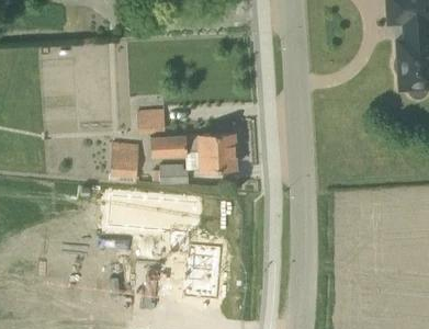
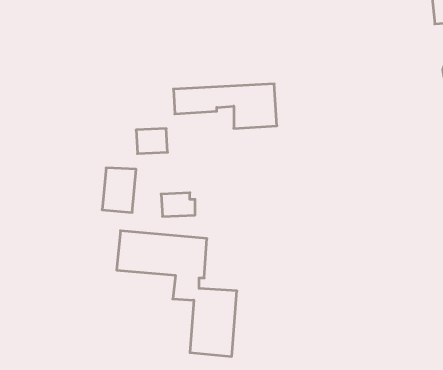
building: [149,133,236,170] -> [173,84,277,128]

